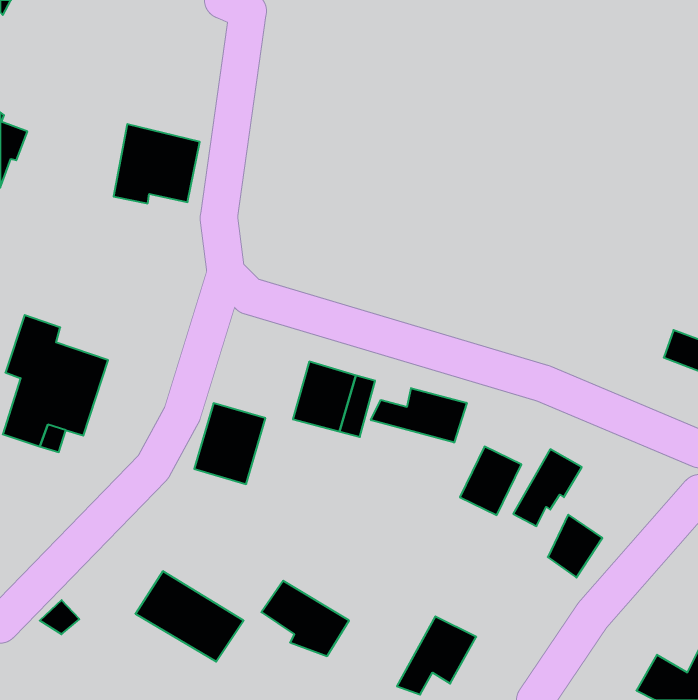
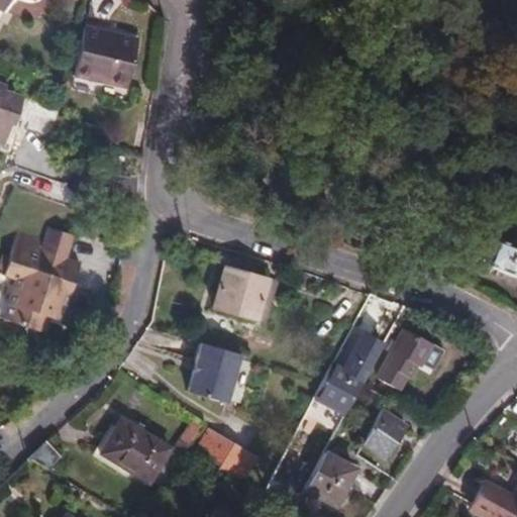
building: [114,124,200,203] -> [73,16,136,75]
building: [371,388,467,443] -> none
building: [194,403,265,484] -> [188,342,240,402]
building: none -> [314,365,363,413]
building: [548,515,602,578] -> [366,410,406,456]

